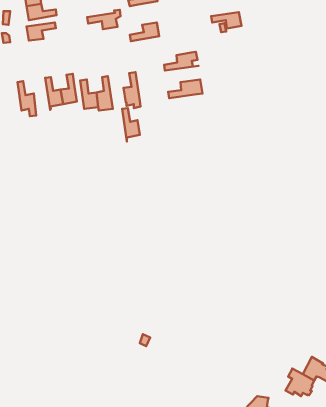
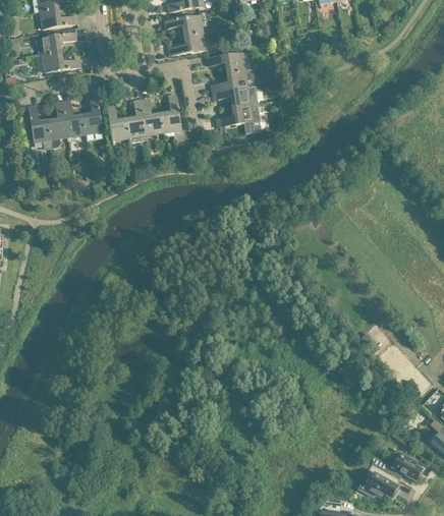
building: [87,10,121,29] -> [164,10,206,35]
building: [211,12,241,28] -> [207,52,244,72]
building: none -> [42,52,79,71]
building: none -> [212,85,256,106]
building: none -> [48,101,68,148]
building: [122,108,140,141] -> [141,98,163,139]

